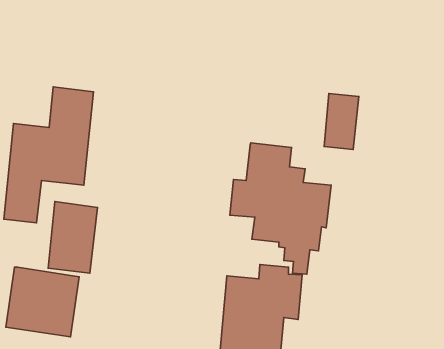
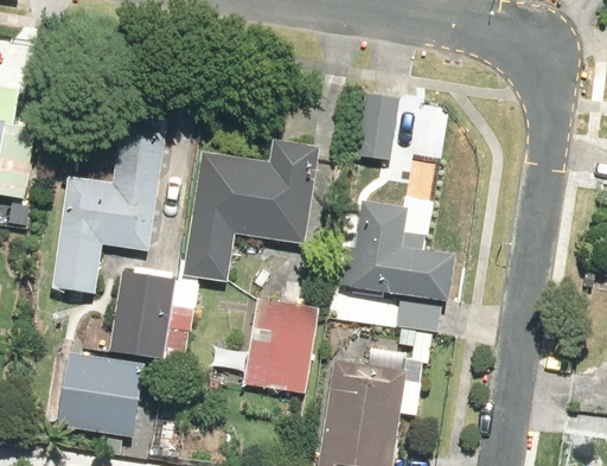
building: [324,93,359,149] -> [356,92,398,161]
building: none -> [183,140,319,280]
building: none -> [241,296,317,395]

